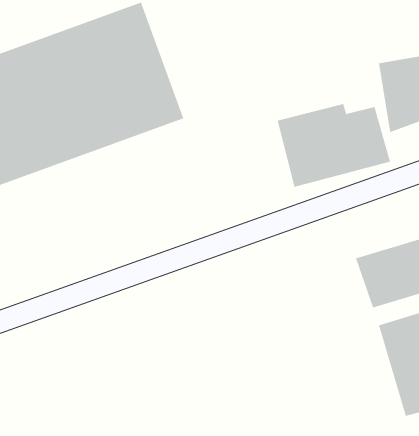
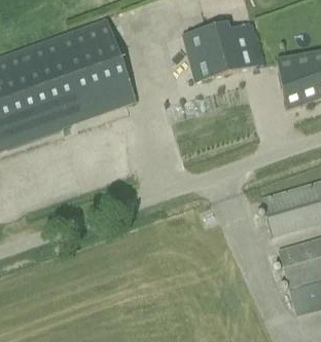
building: [277,104,391,188] -> [181,20,263,80]

